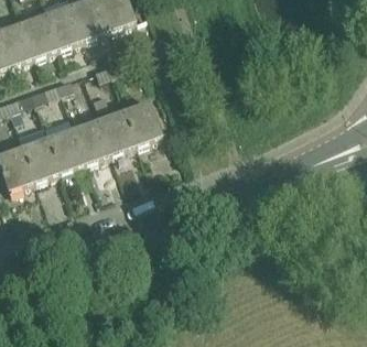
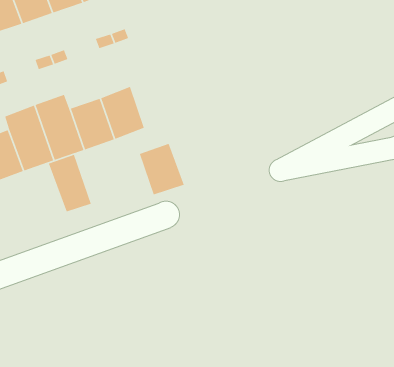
building: [125,100,163,144] -> [139,143,185,196]
building: none -> [48,154,92,212]

